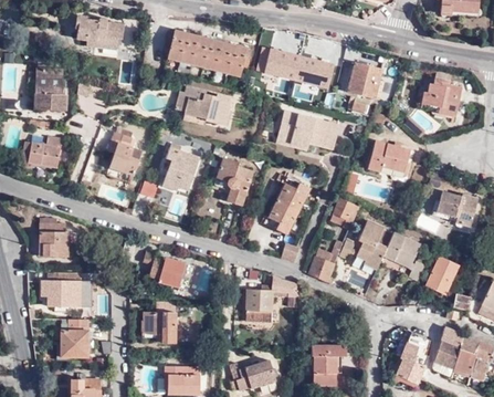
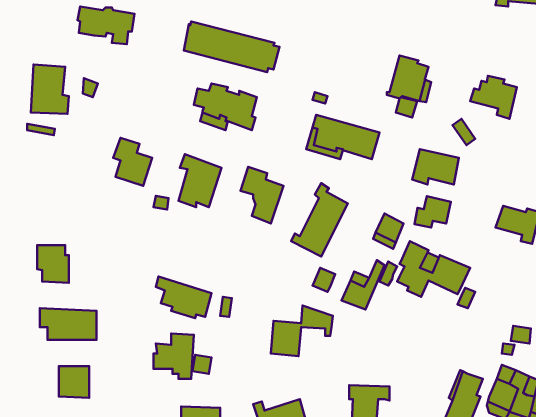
building: [257,46,334,87] -> none
building: [20,137,62,168] -> none
building: none -> [415,196,451,228]
building: [425,257,459,295] -> none

